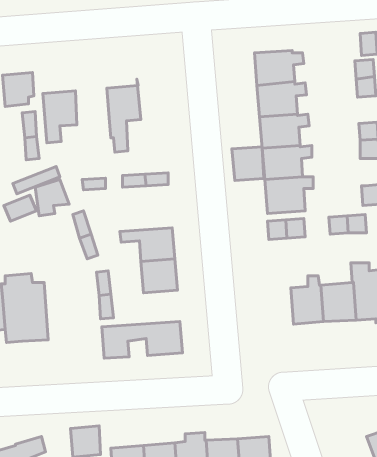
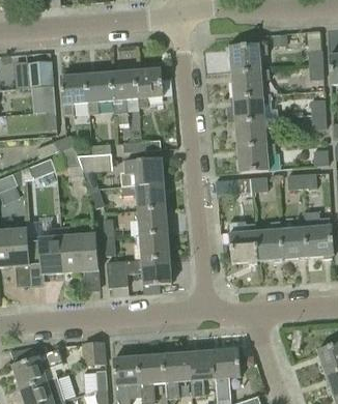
building: none -> [135,61,163,107]
building: none -> [86,73,113,113]
building: [232,147,264,180] -> none
building: none -> [120,157,163,186]
building: none -> [230,223,259,264]
building: none -> [61,226,100,272]
building: none -> [107,233,169,262]

